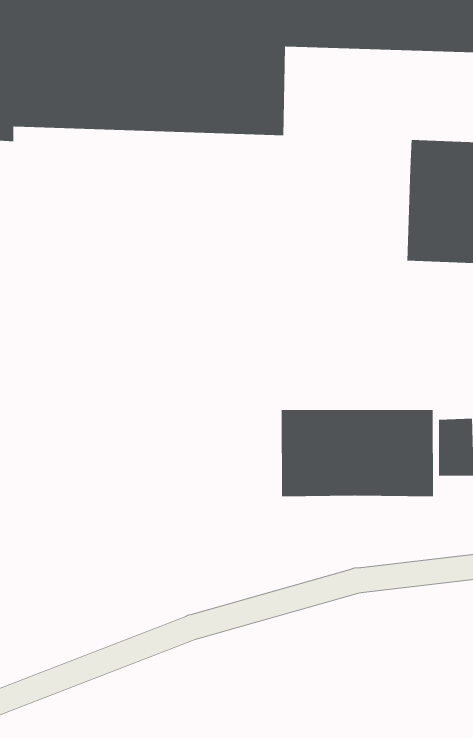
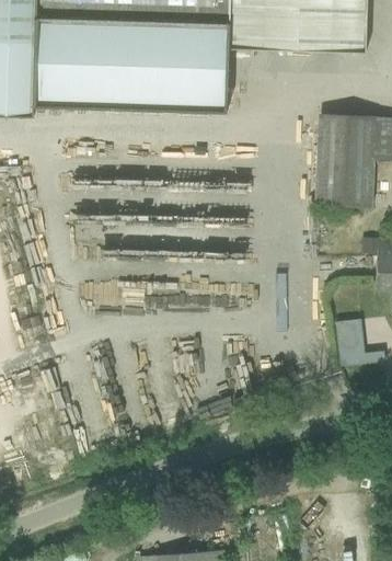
building: [281,409,434,497] -> none

